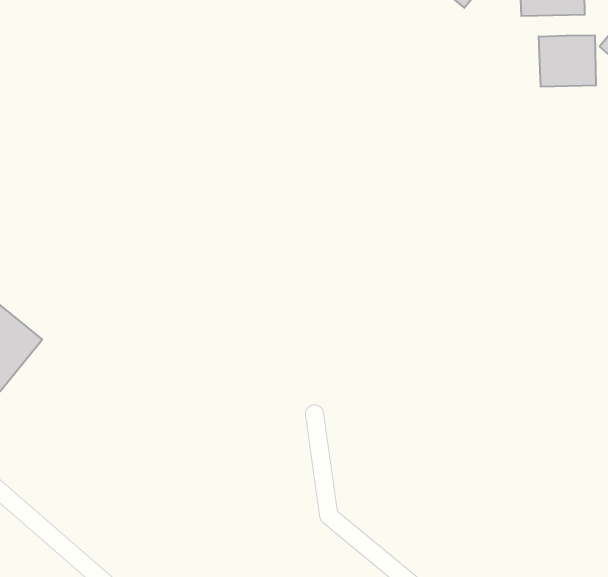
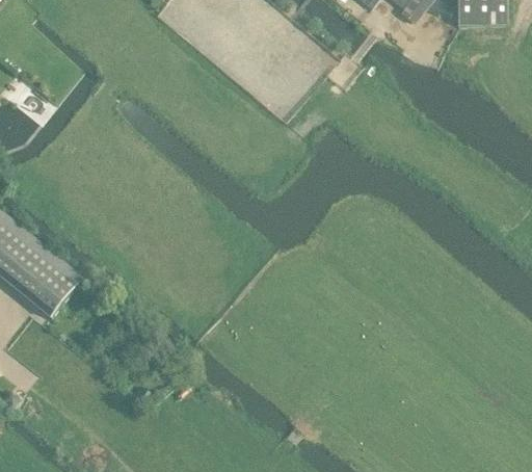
building: [539,35,596,87] -> none

